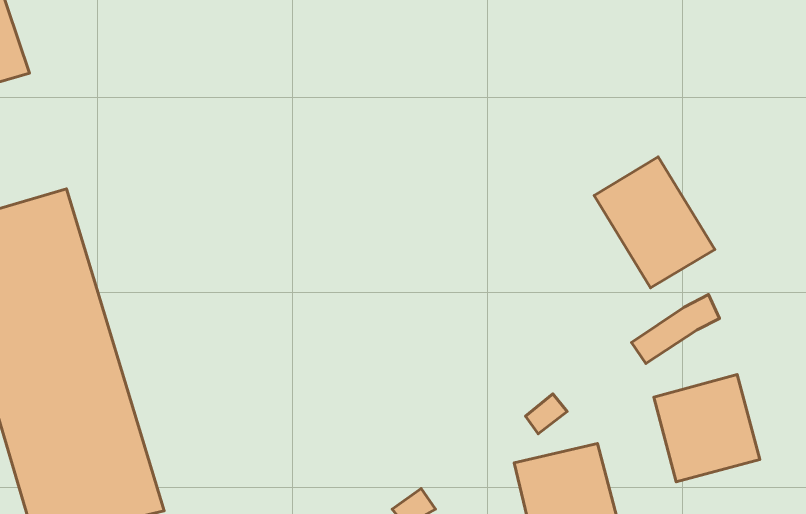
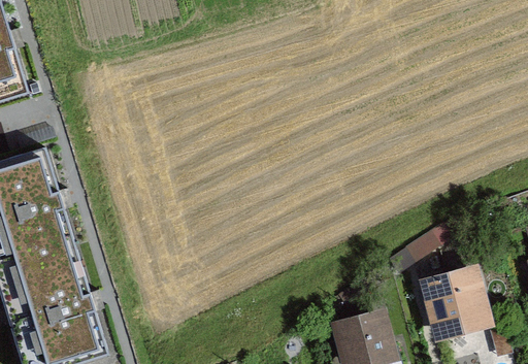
building: [594,157,715,288] -> none

